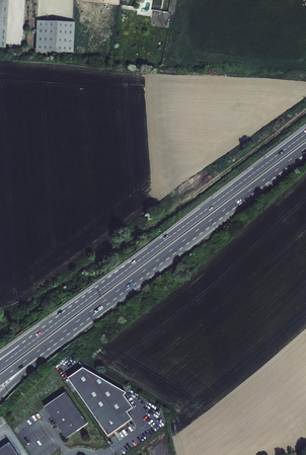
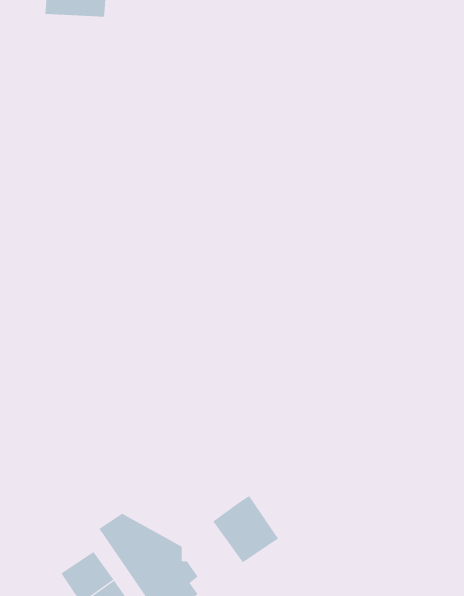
building: none -> [213,495,279,563]

